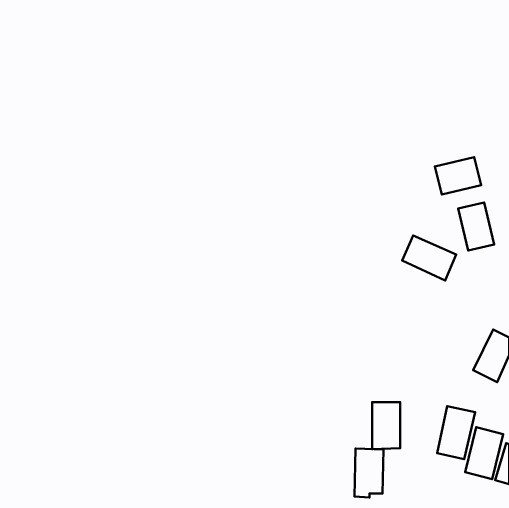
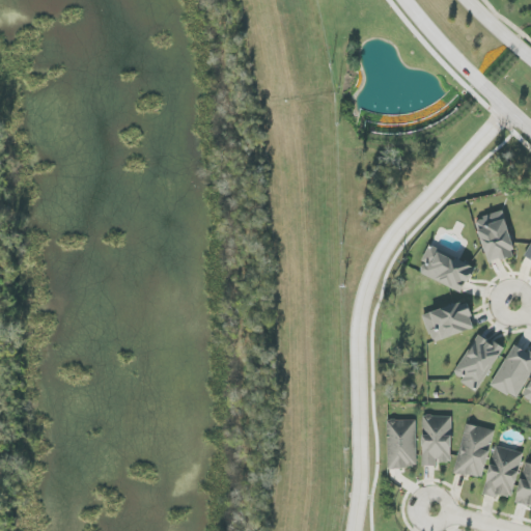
building: [435,157,481,194] -> none
building: none -> [422,299,475,341]
building: none -> [454,332,502,390]
building: [354,449,383,497] -> [421,414,451,465]

